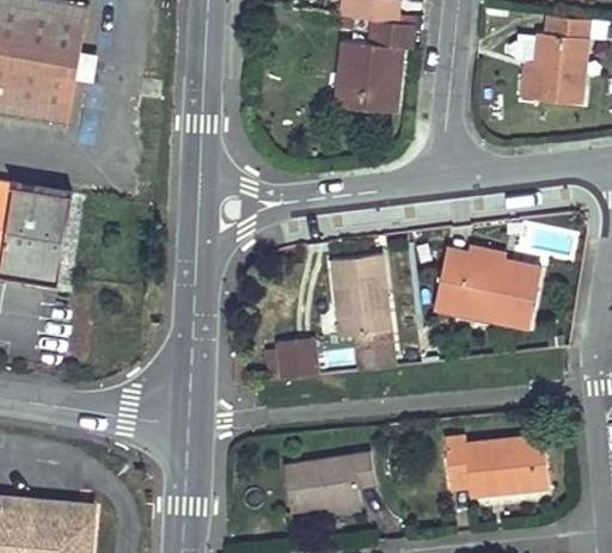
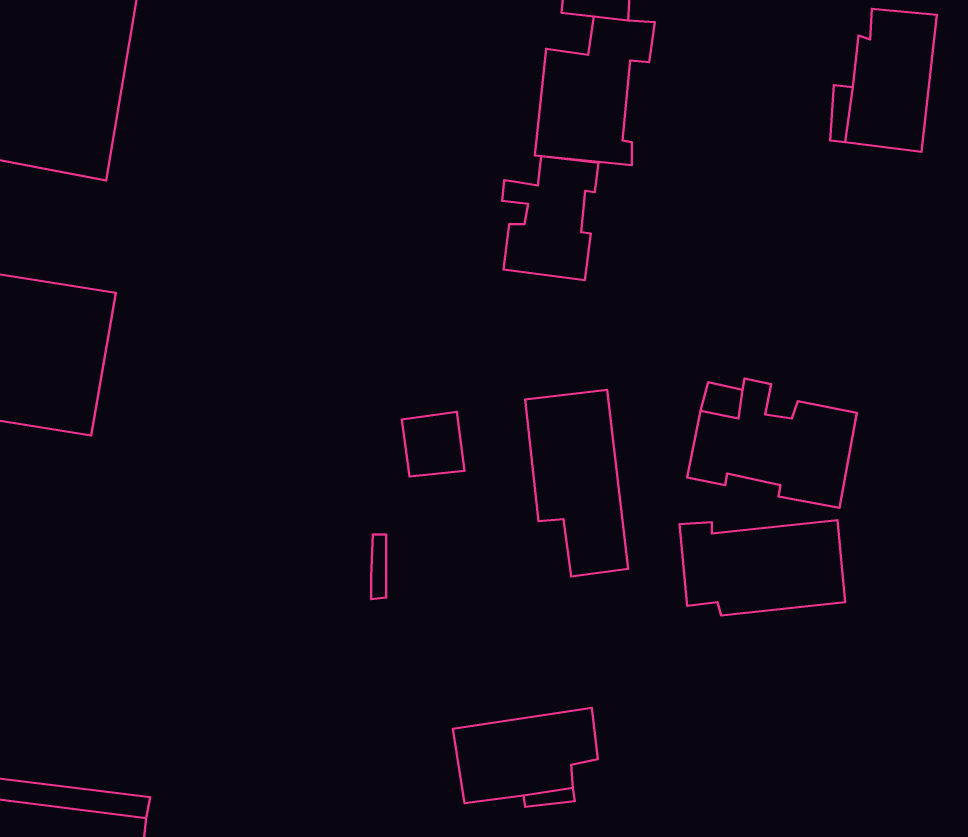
building: none -> [502,156,598,280]
building: [275,338,314,379] -> [402,412,465,476]
building: [445,435,549,494] -> [679,520,845,615]

